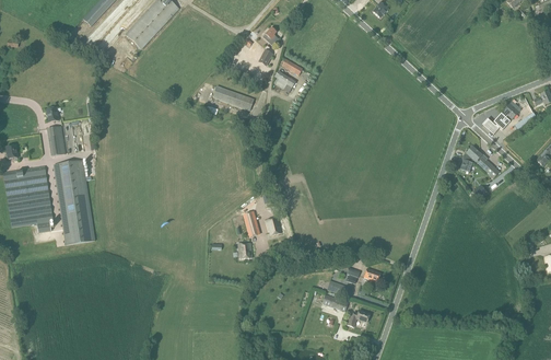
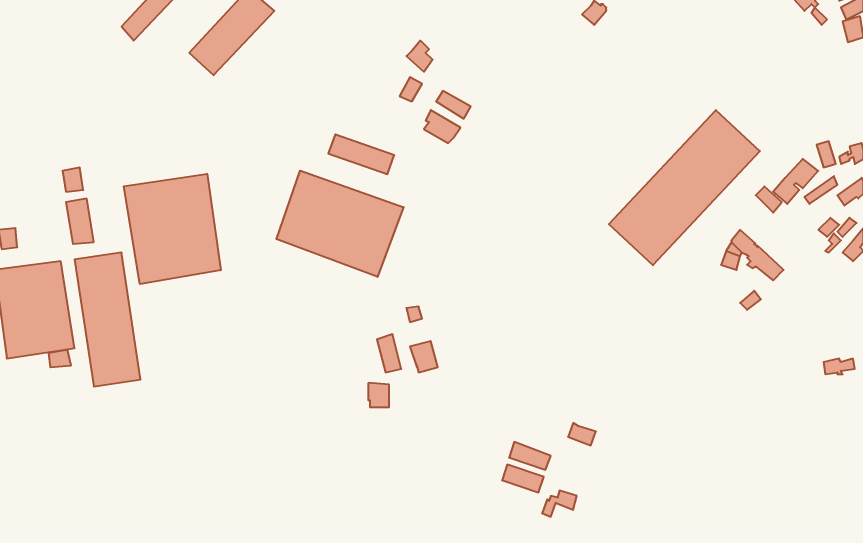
building: none -> [609,110,760,265]
building: none -> [276,171,404,277]
building: none -> [124,174,221,284]

